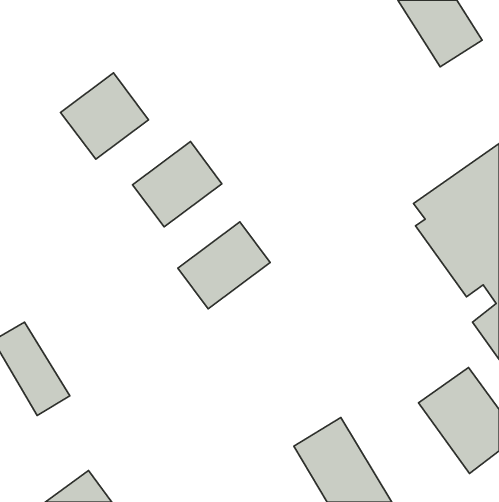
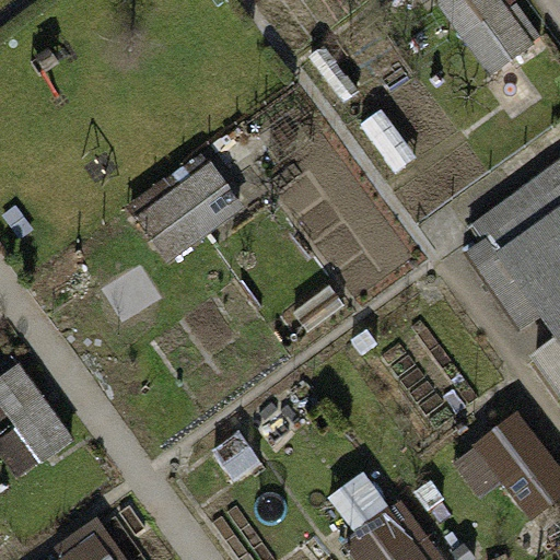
building: [61,73,149,159] -> none
building: [178,222,270,309] -> none

